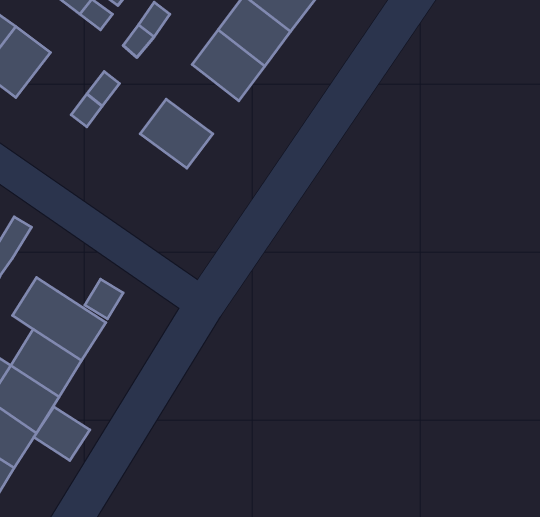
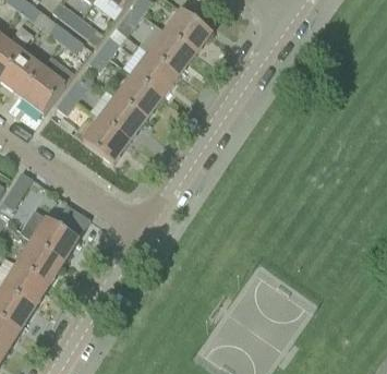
building: none -> [21,55,73,111]
building: none -> [116,74,161,118]
building: none -> [83,118,129,162]
building: [34,407,90,460] -> none

